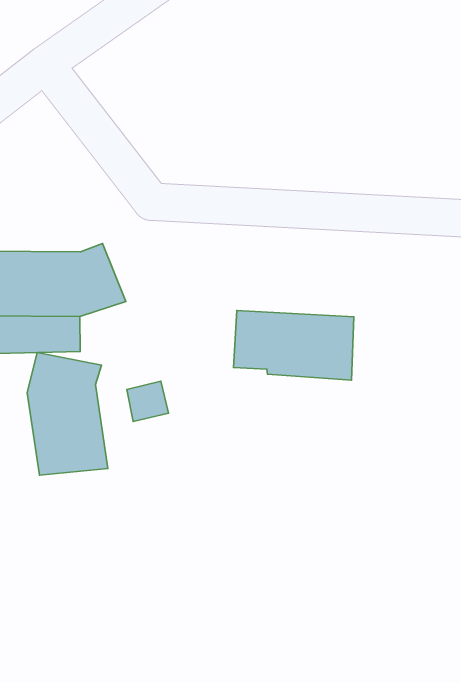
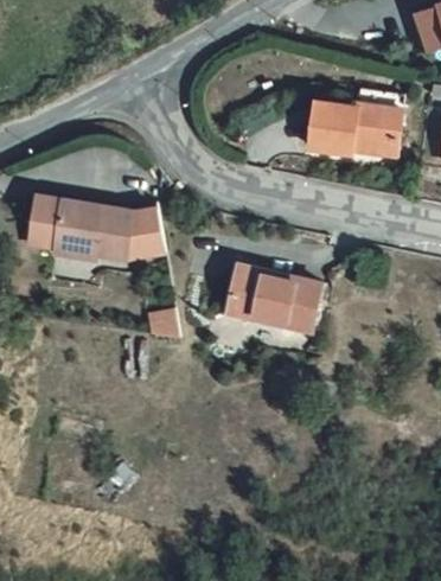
building: none -> [306,98,398,153]
building: [27,352,108,475] -> none

